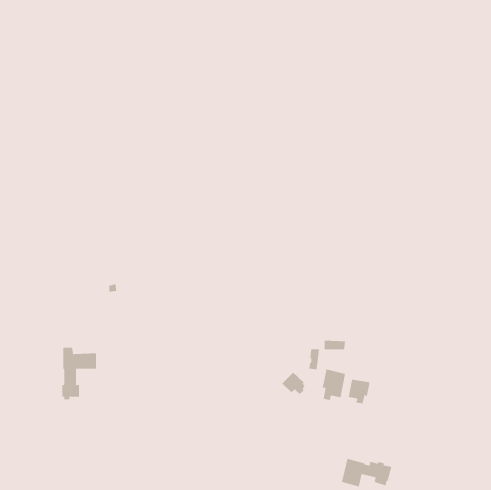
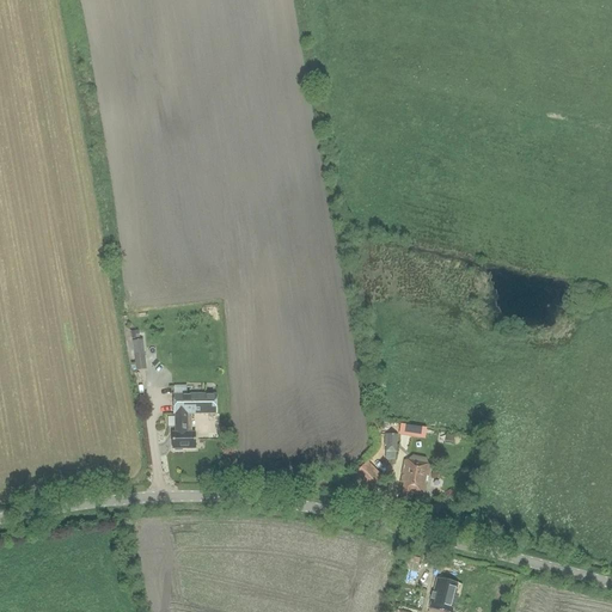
building: [61,347,97,400] -> [172,385,216,451]
building: [348,379,370,404] -> none

